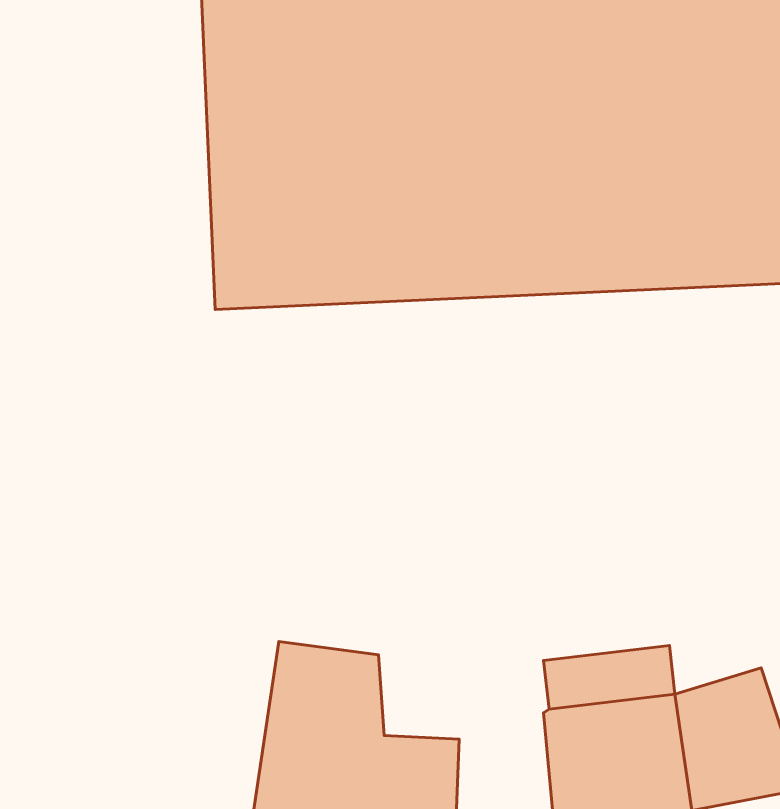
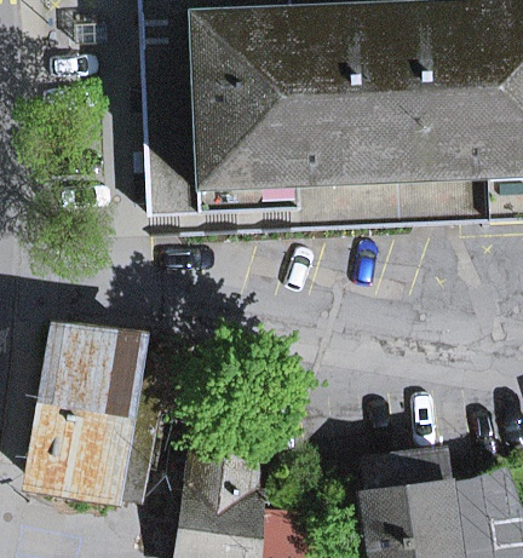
building: none -> [30,322,188,496]

